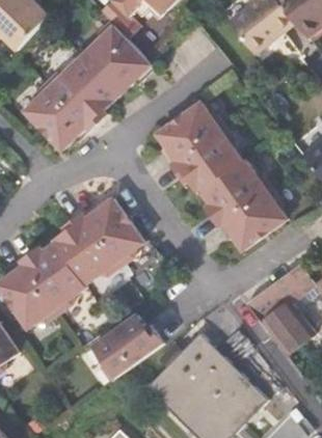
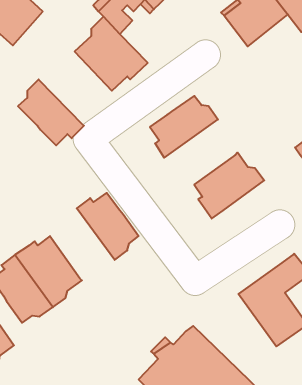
building: [44,56,117,131] -> none
building: [170,125,242,191] -> none
building: [218,186,287,248] -> none
building: [53,214,120,284] -> none
building: [91,313,164,381] -> none

